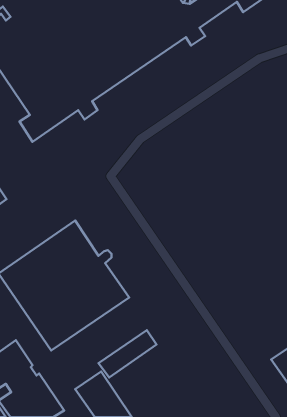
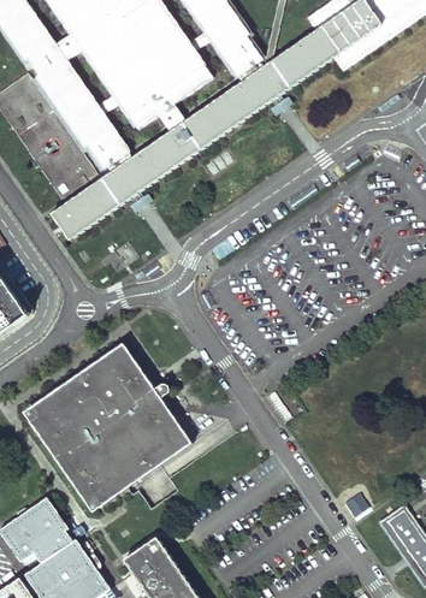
building: [99,330,156,377] -> none

